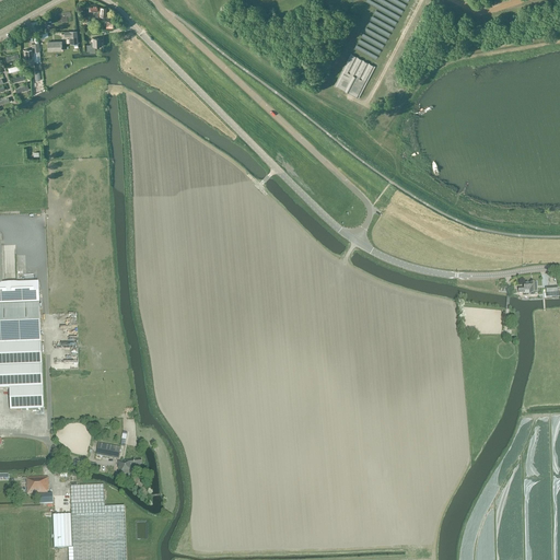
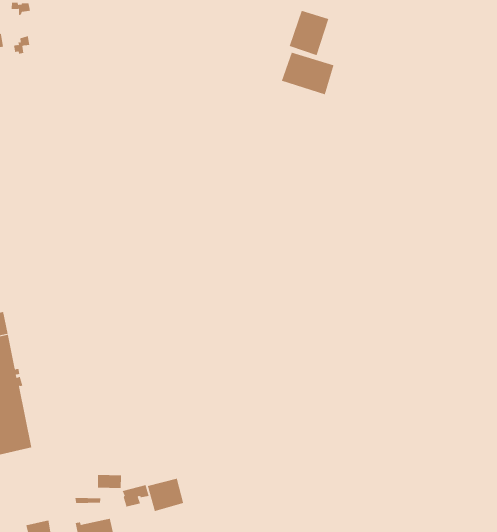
building: none -> [281,52,334,95]
building: none -> [147,478,184,512]

